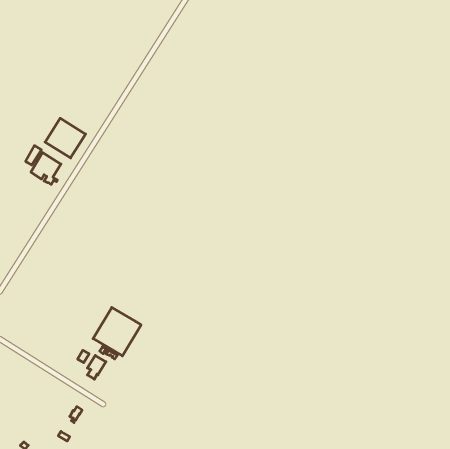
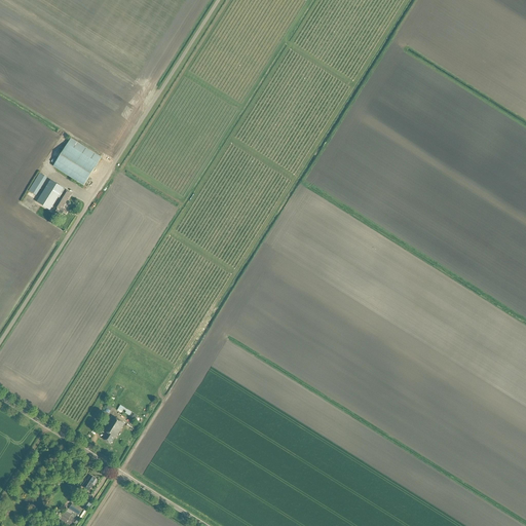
building: [93,307,141,356] -> none

